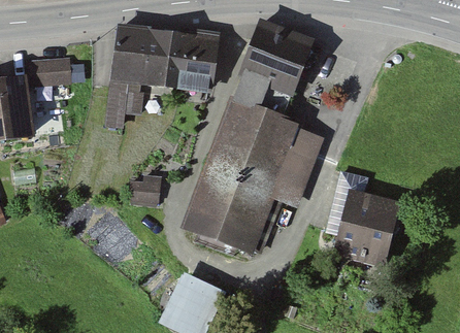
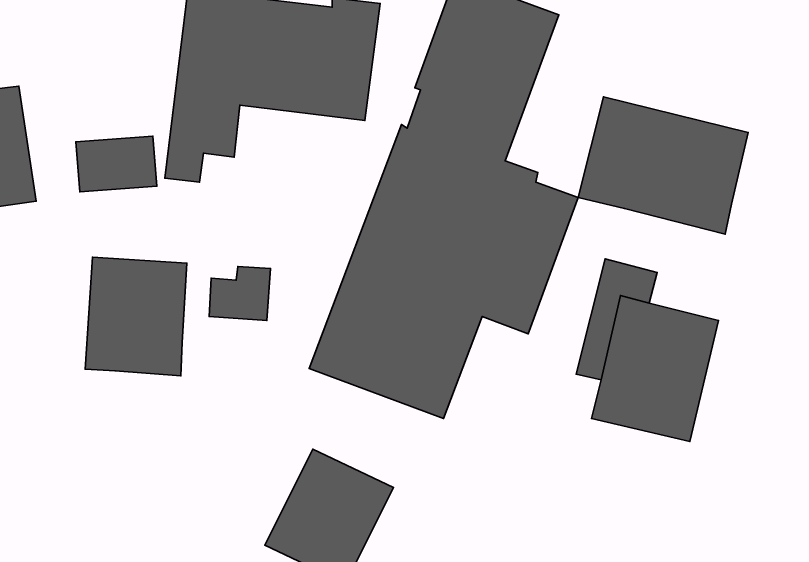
building: [28,55,71,85] -> [76,136,157,192]
building: none -> [578,97,748,234]
building: none -> [85,257,187,376]

